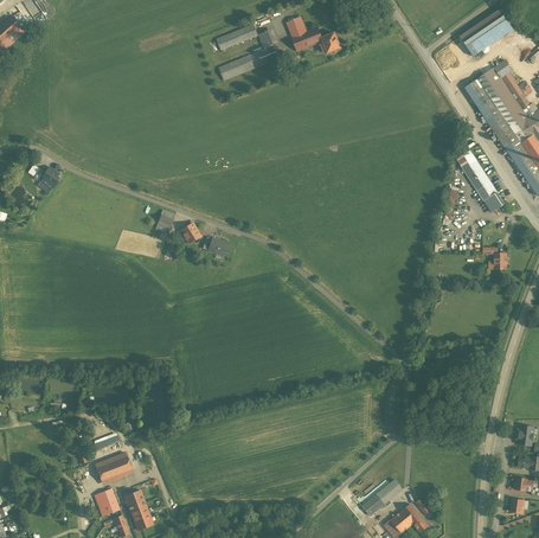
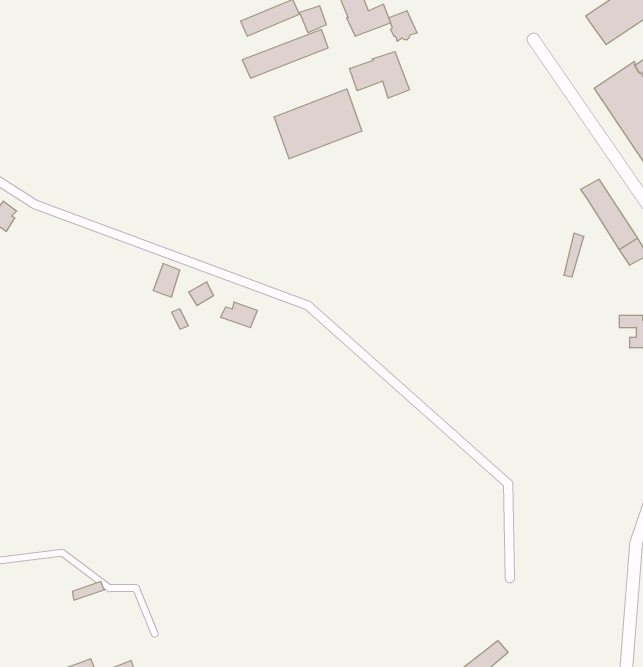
building: none -> [349,52,409,98]
building: none -> [274,89,362,159]
building: [95,453,134,486] -> none

